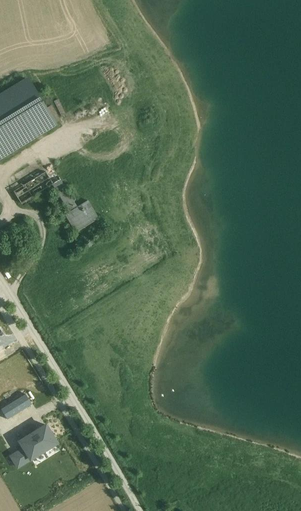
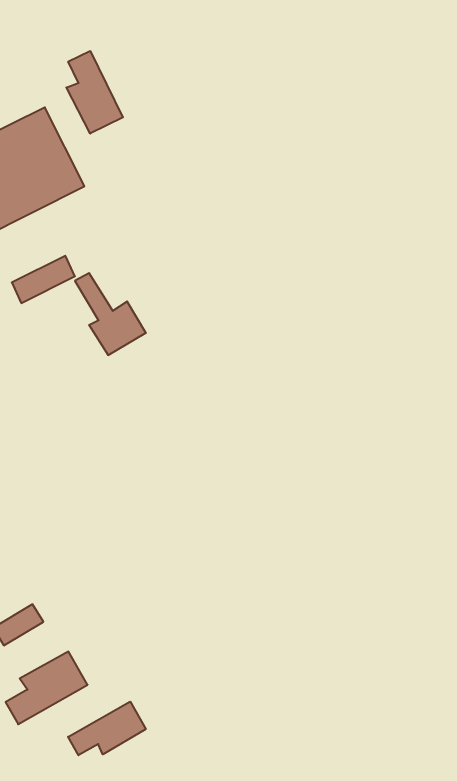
building: none -> [66,51,123,134]
building: none -> [68,702,146,755]

